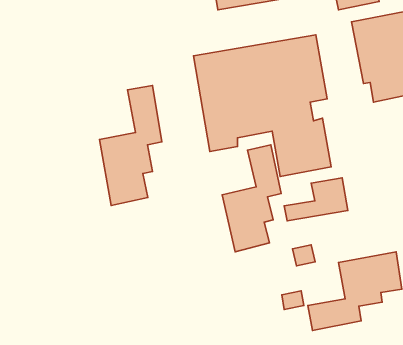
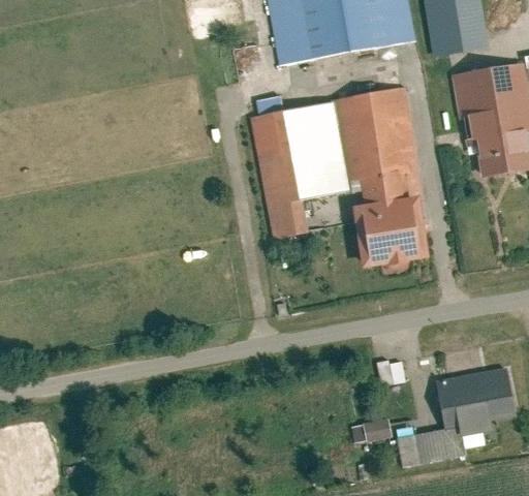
building: [99,86,162,206] -> none
building: [222,145,281,252] -> none
building: [284,178,348,221] -> none

